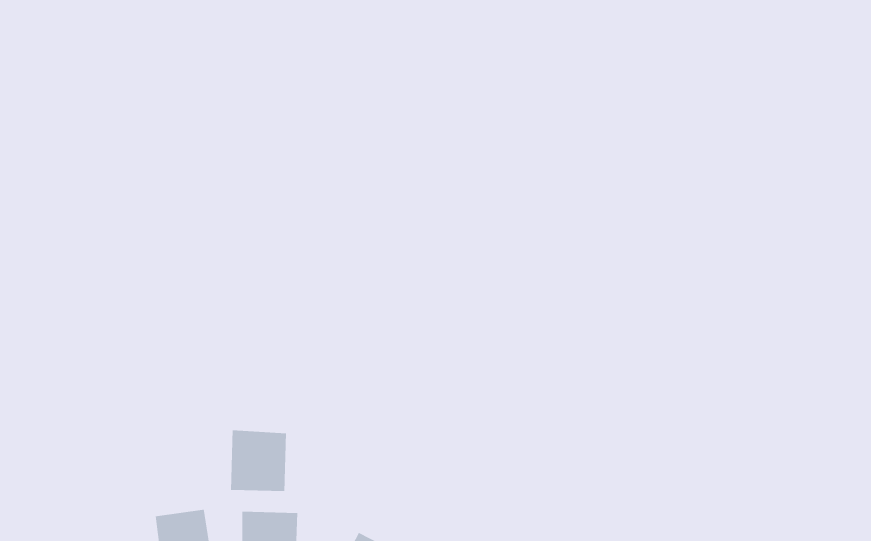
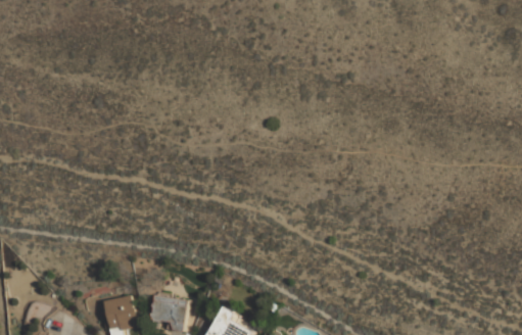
building: [230,429,287,492] -> none

